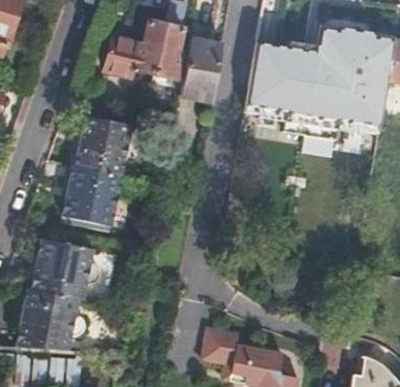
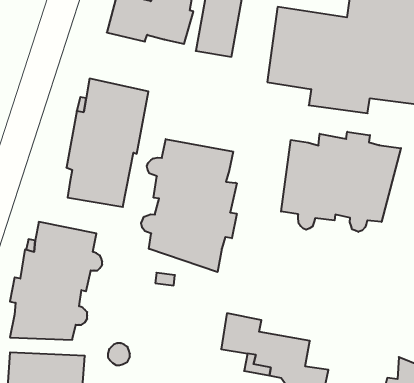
building: none -> [281,132,401,232]
building: none -> [141,139,237,272]

